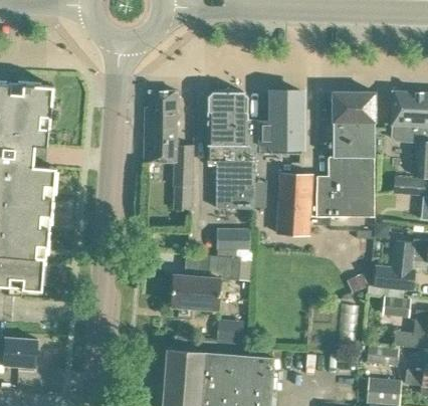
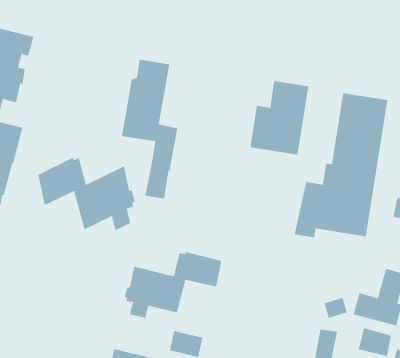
building: [207,90,256,210] -> none
building: [276,174,312,236] -> none
building: none -> [38,157,135,231]
building: [216,230,251,257] -> none

